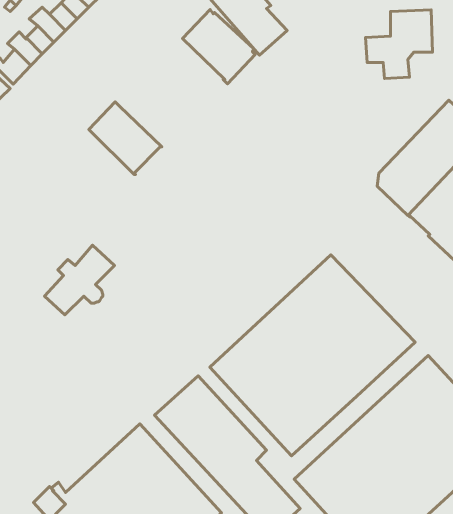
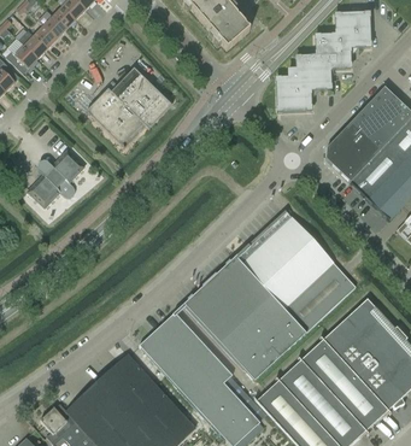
building: [182,9,255,84] -> [111,68,171,129]
building: none -> [276,55,330,112]
building: [45,245,115,315] -> [27,149,84,207]

